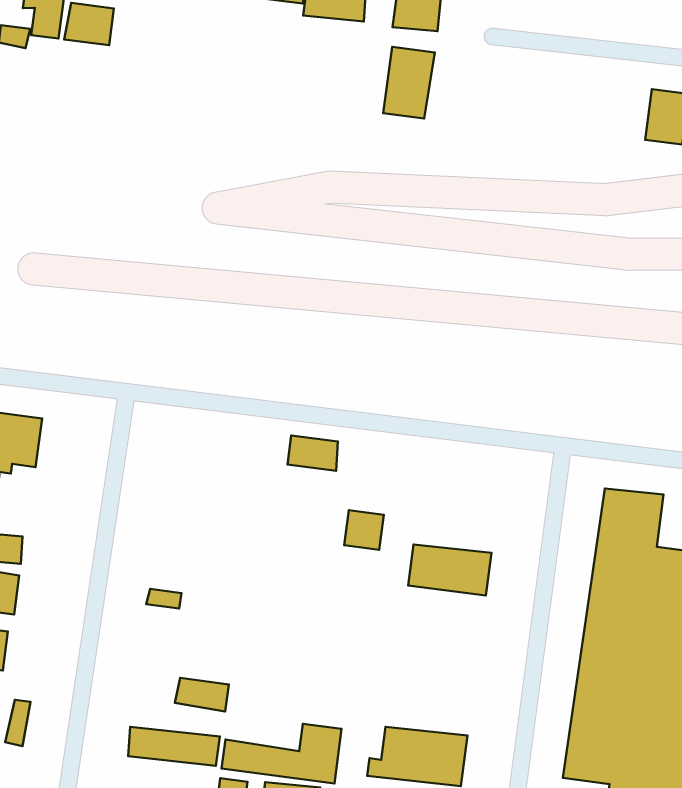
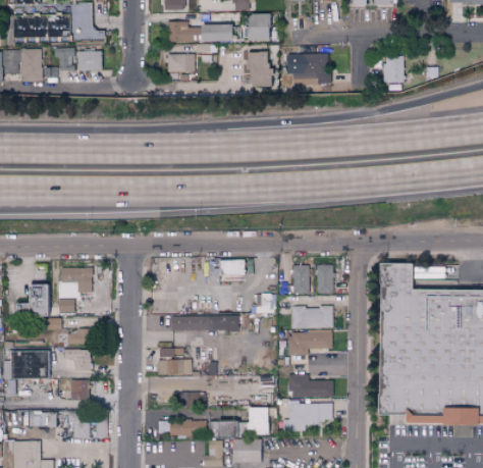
building: none -> [166,54,194,71]
building: none -> [285,53,329,84]
building: none -> [292,264,309,293]
building: none -> [317,264,333,293]
building: none -> [170,315,237,330]
building: none -> [288,331,332,356]
building: none -> [157,359,192,374]
building: none -> [288,373,332,398]

